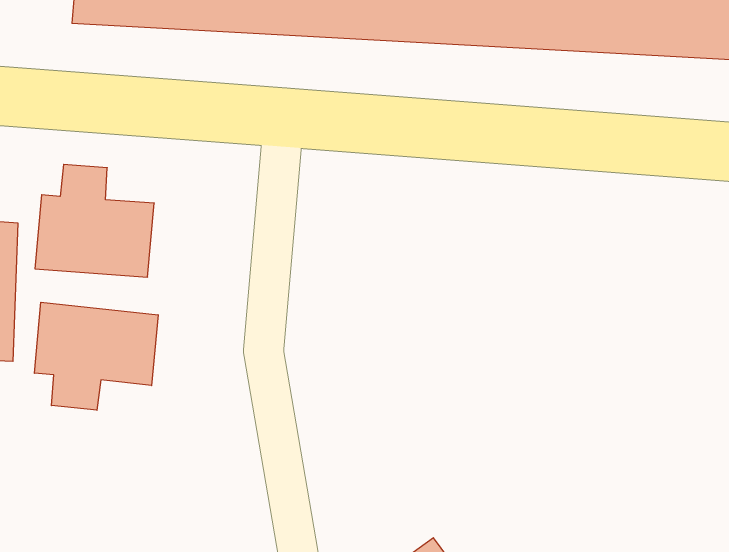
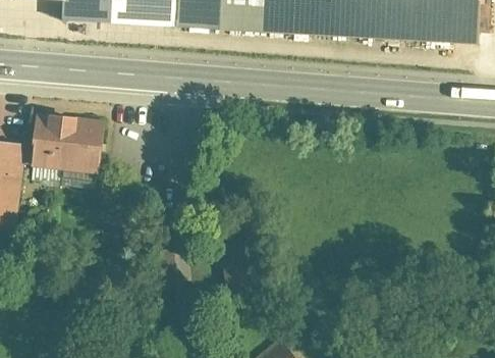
building: [34,302,158,410] -> none

